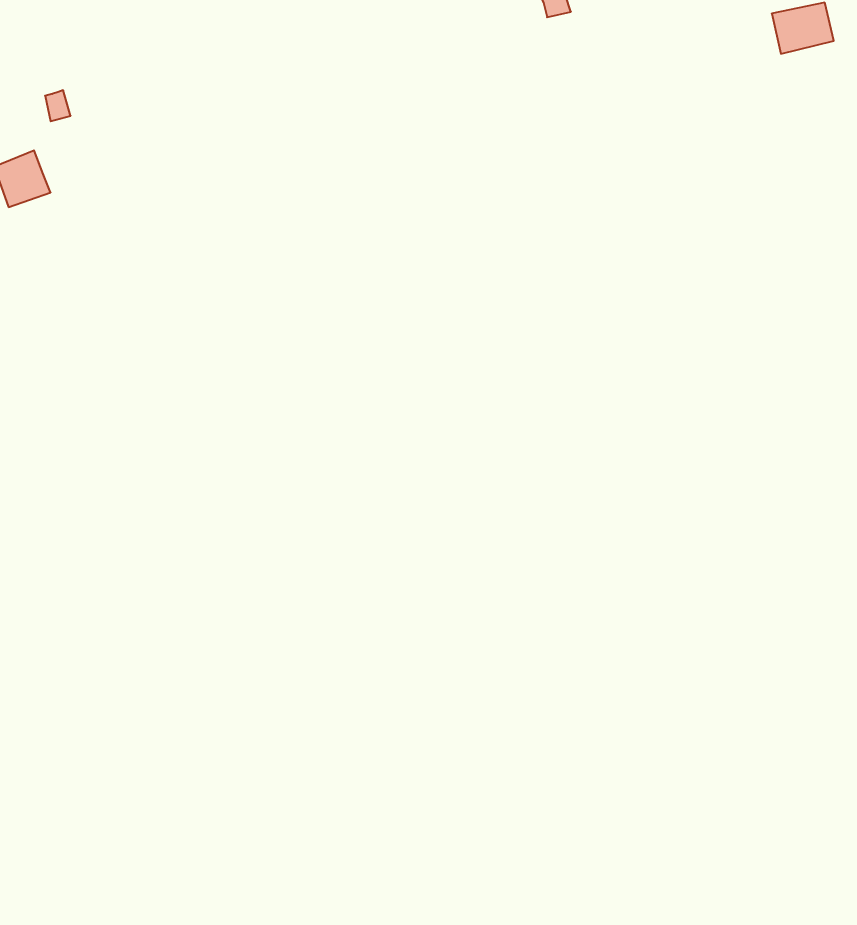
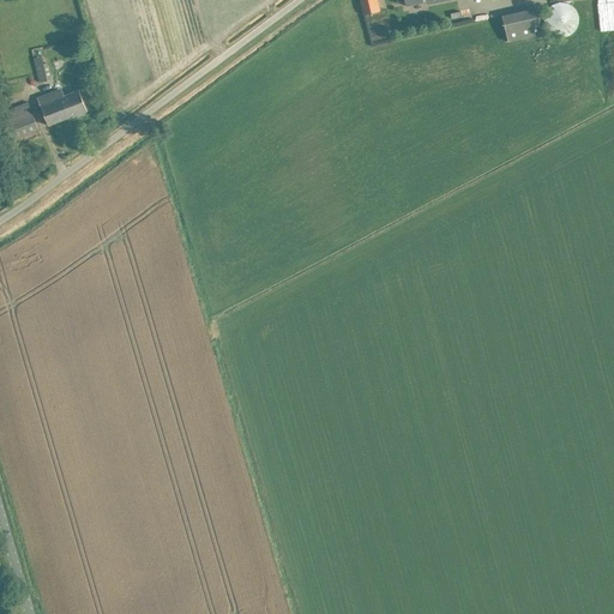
building: none -> [36,89,84,125]

